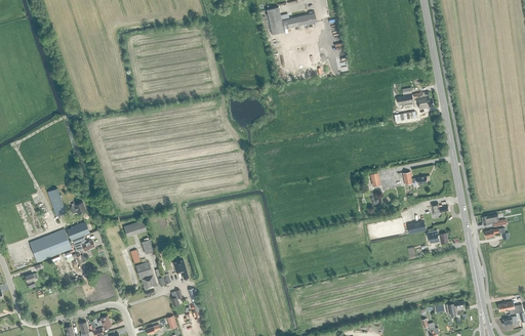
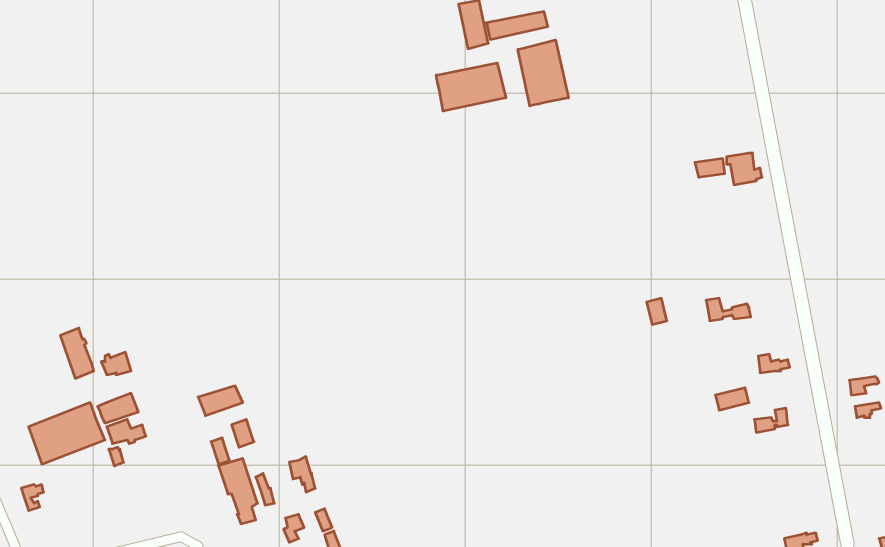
building: none -> [518,40,568,106]
building: none -> [436,63,506,111]

